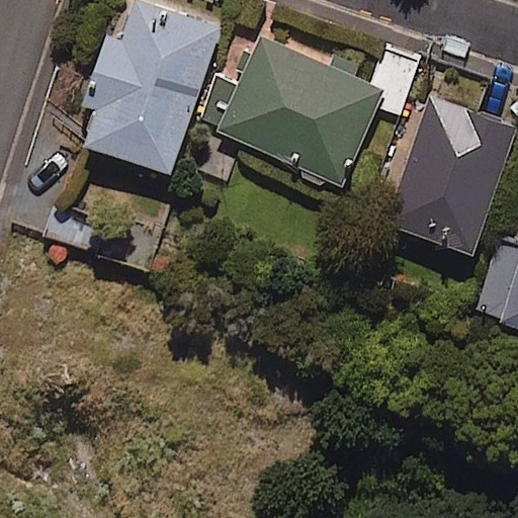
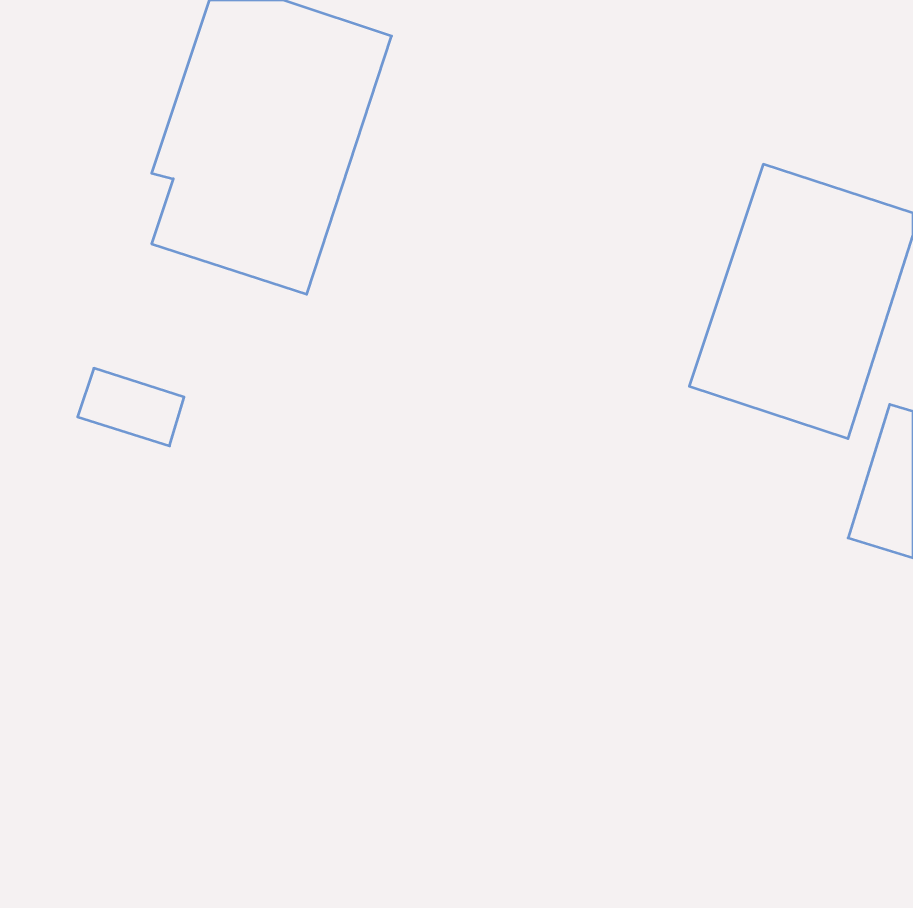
building: [201,37,418,185] -> none

